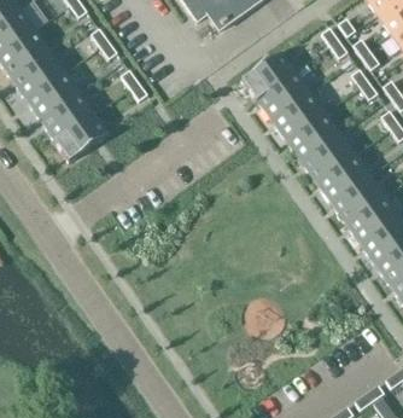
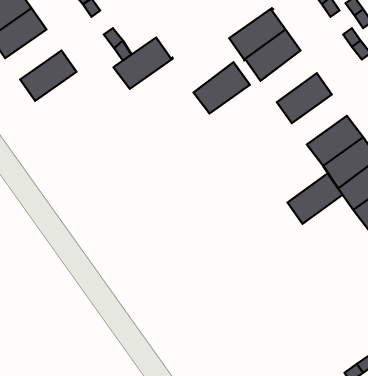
building: [24,70,78,118] -> none
building: [270,91,325,140] -> [193,62,250,114]
building: [52,111,109,161] -> [114,37,172,89]
building: [300,133,354,181] -> [288,174,343,224]

